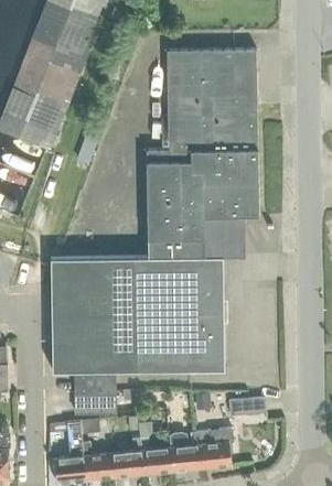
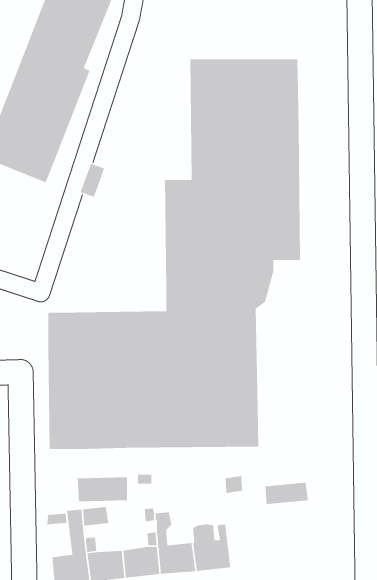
building: [74,370,116,395] -> none
building: [196,429,232,468] -> none

